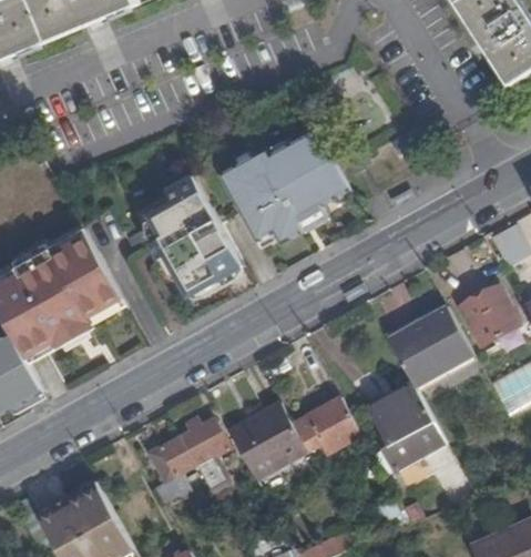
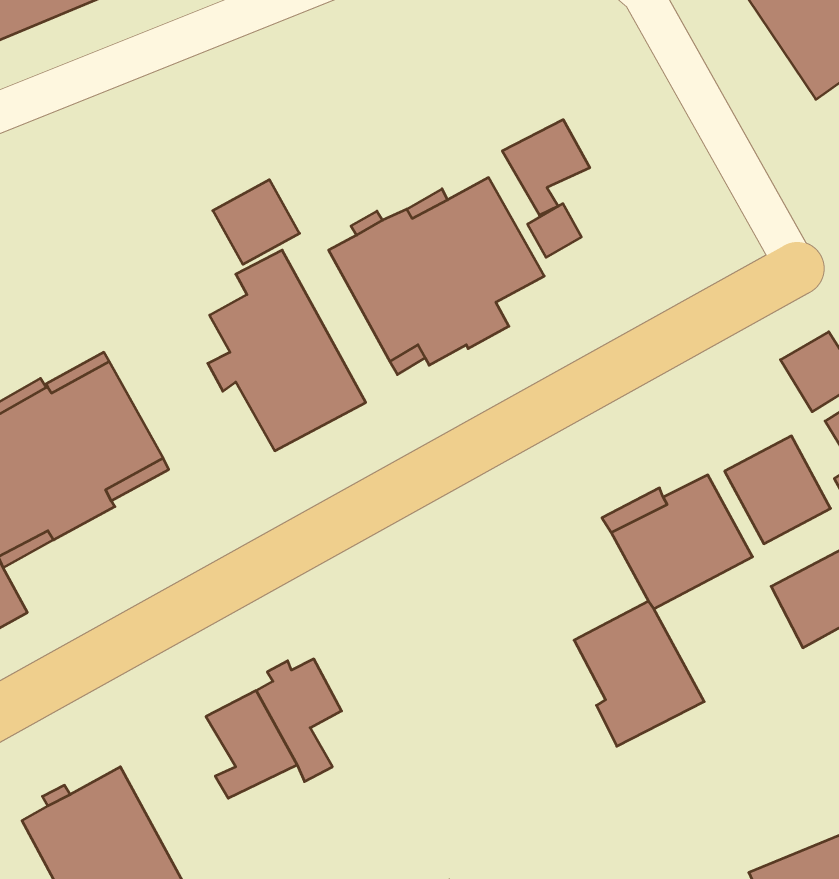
building: none -> [502,120,590,215]
building: none -> [213,180,300,264]
building: [306,397,360,450] -> none
building: [224,399,304,475] -> none

